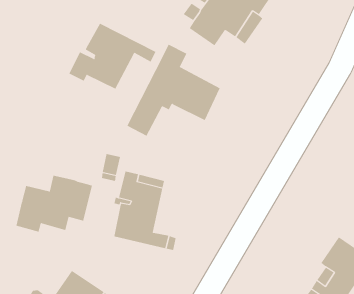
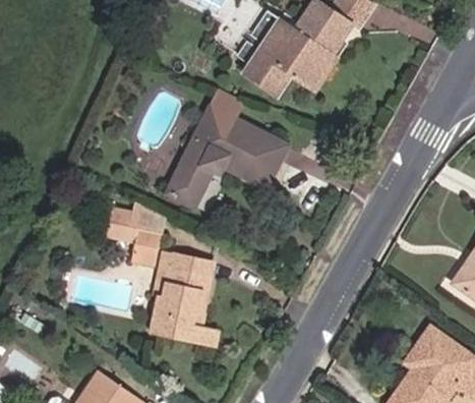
building: [69,23,156,90] -> none
building: none -> [107,209,141,242]
building: [16,175,93,233] -> none

